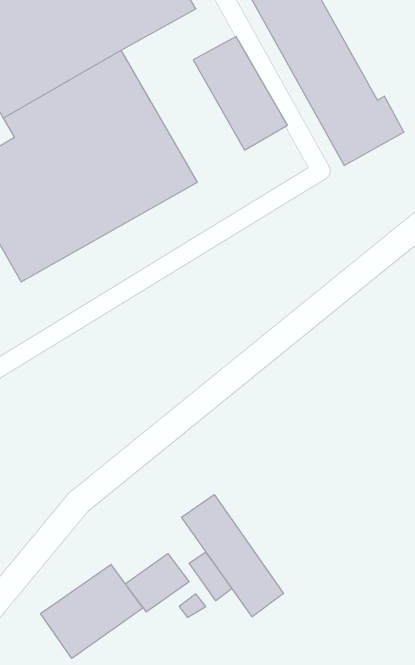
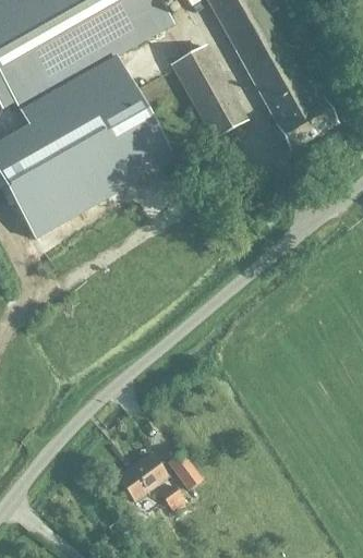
building: [181,495,283,617] -> none
building: [41,564,143,658] -> none

